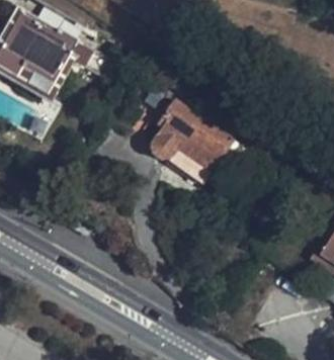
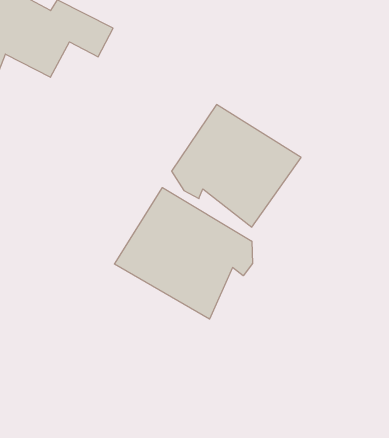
building: none -> [114,188,252,319]

